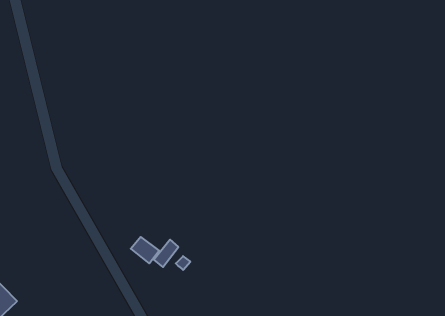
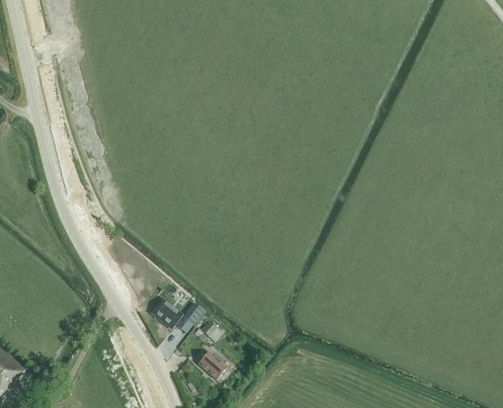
building: none -> [198,351,227,380]

